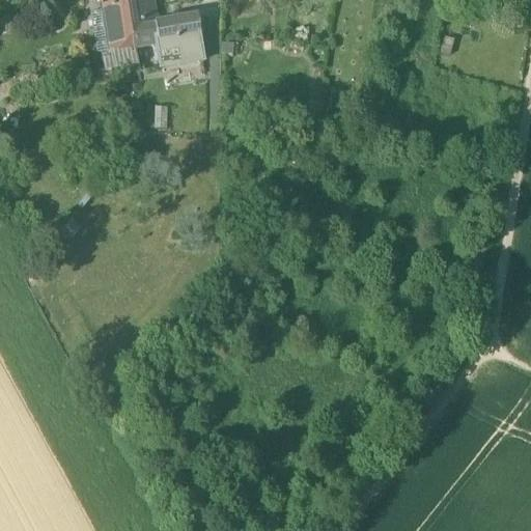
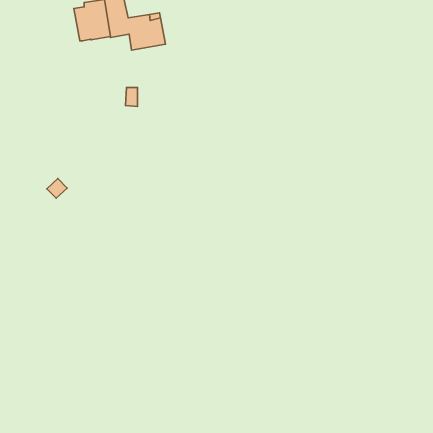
building: [102,45,140,68] -> none

